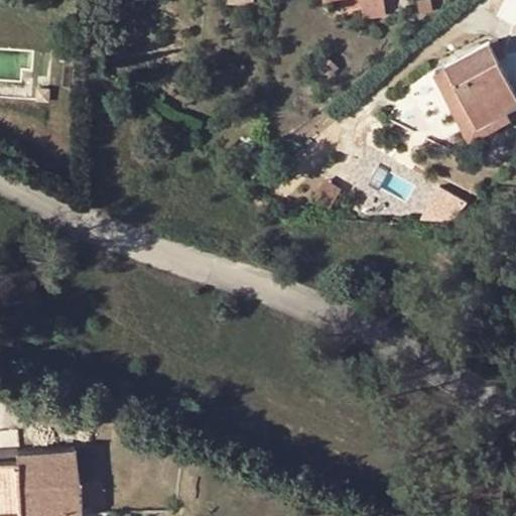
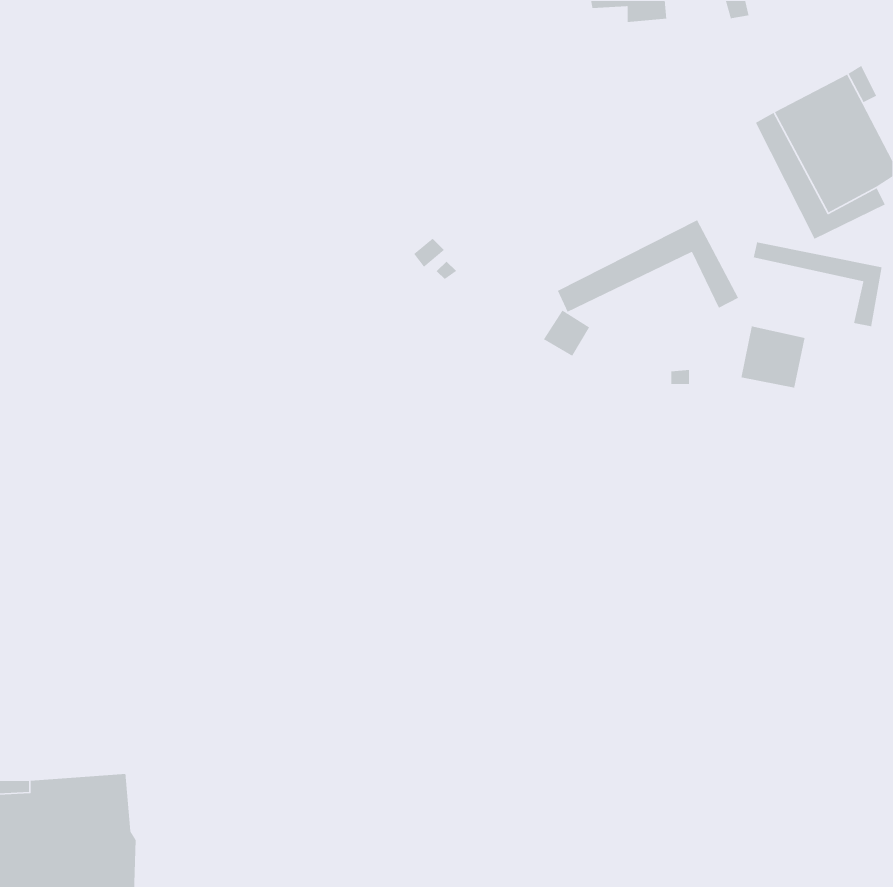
building: none -> [557,219,739,313]
building: none -> [753,242,883,327]

